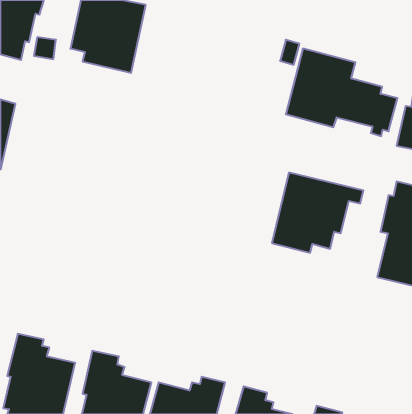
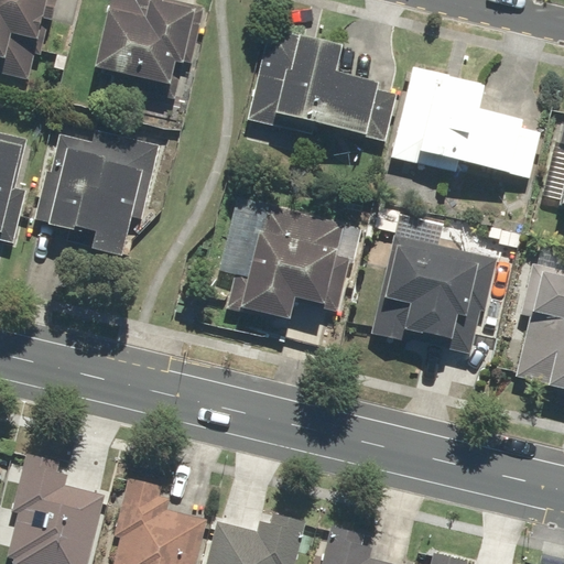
building: none -> [249,33,378,135]
building: none -> [33,130,160,259]
building: none -> [221,197,361,318]

